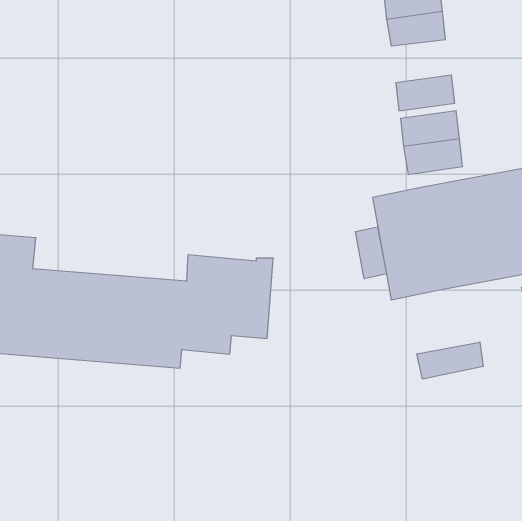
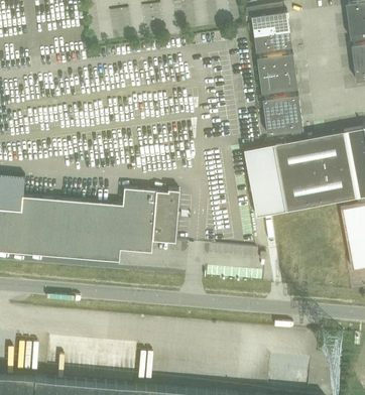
building: none -> [256,53,295,77]
building: [355,227,386,279] -> none
building: [417,342,483,379] -> none

